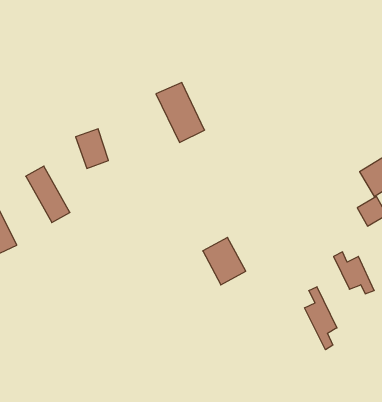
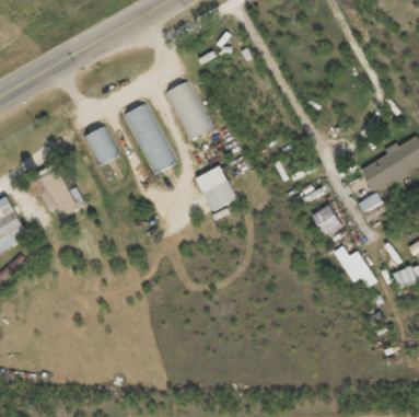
building: none -> [123,103,176,174]
building: none -> [312,204,341,235]
building: [203,237,246,285] -> [196,164,237,210]
building: [305,287,337,350] -> none

